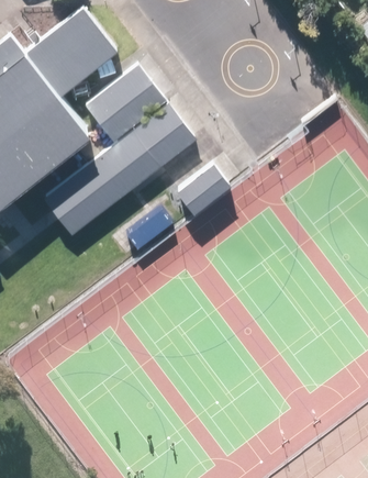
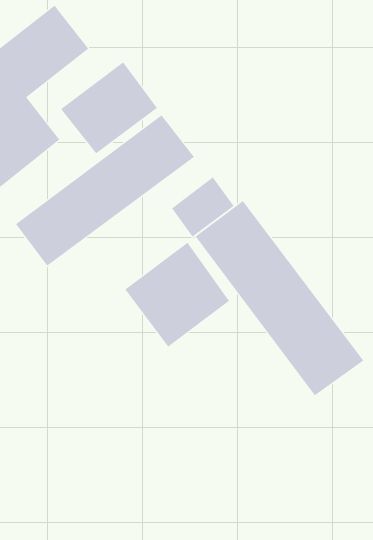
building: none -> [195,200,364,396]
building: none -> [124,242,230,348]

